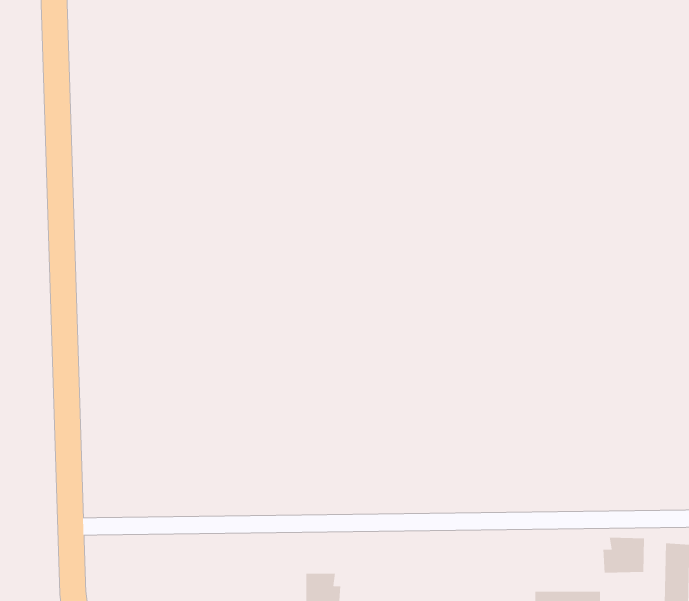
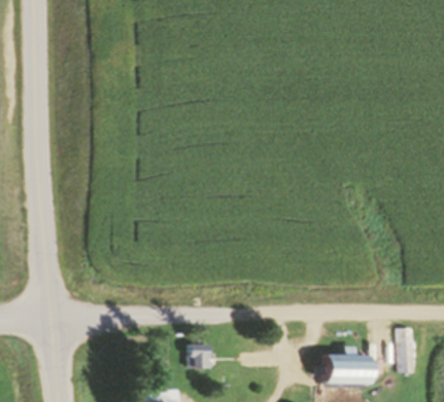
building: [603,537,645,573] -> none

